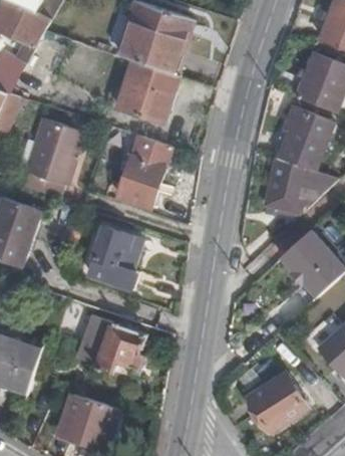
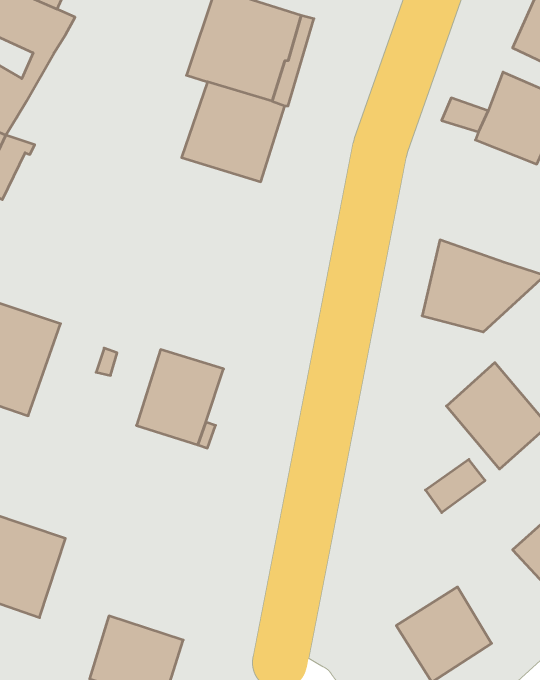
building: [273,105,332,172] -> none
building: [21,119,83,199] -> none
building: [117,135,171,207] -> none
building: [74,314,145,371] -> none

